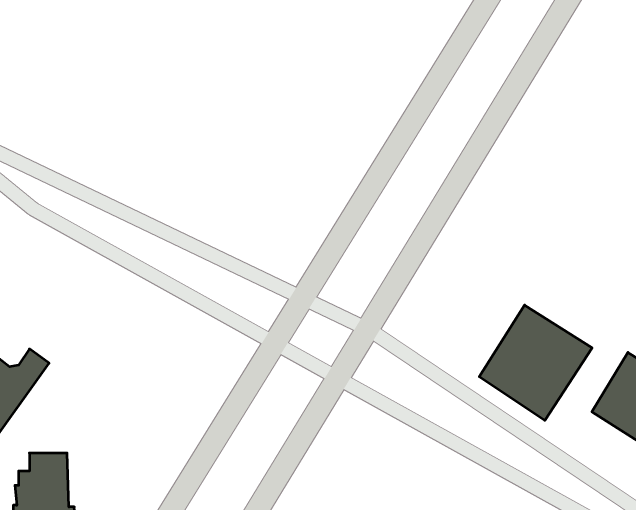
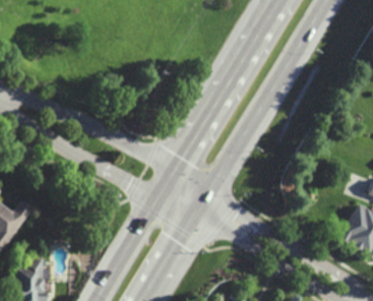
building: [479,305,592,420] -> none

